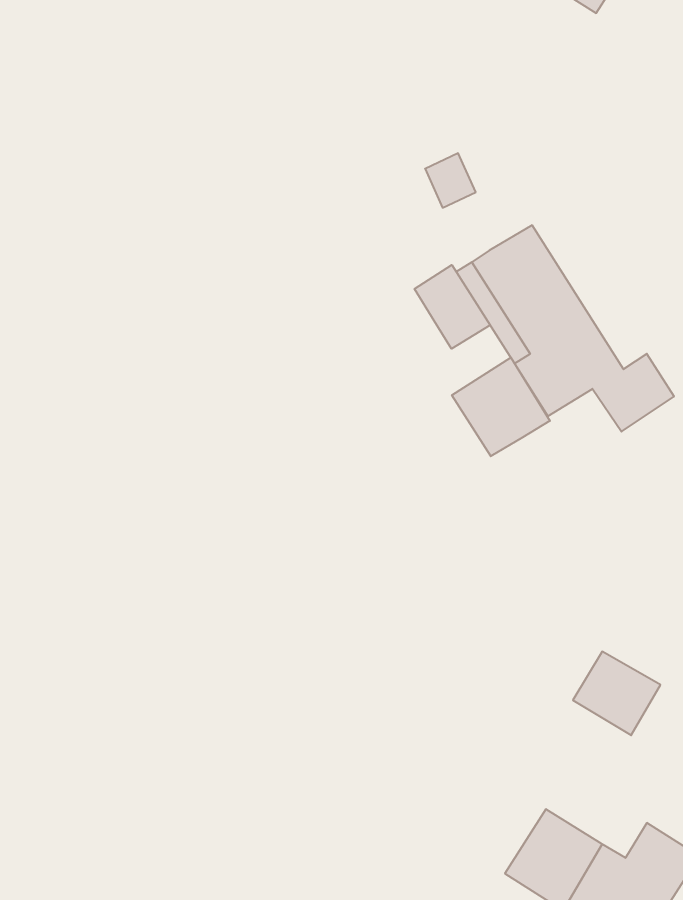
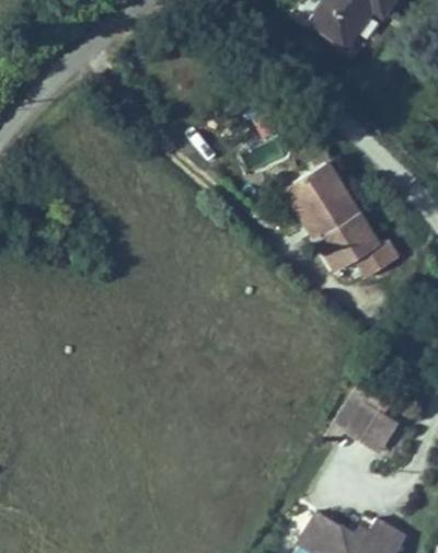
building: [415,265,490,349] -> none
building: [452,357,550,456] -> none

